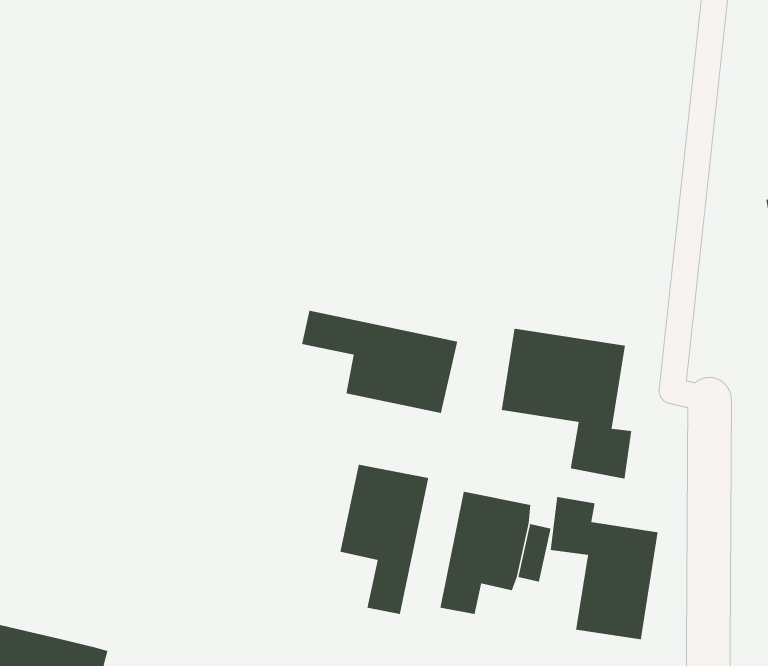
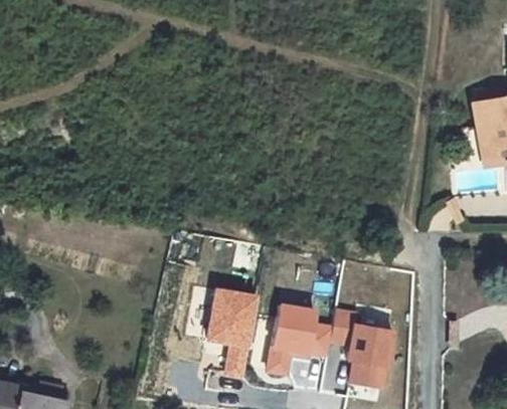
building: [301,310,458,414] -> none
building: [501,328,632,480] -> none

